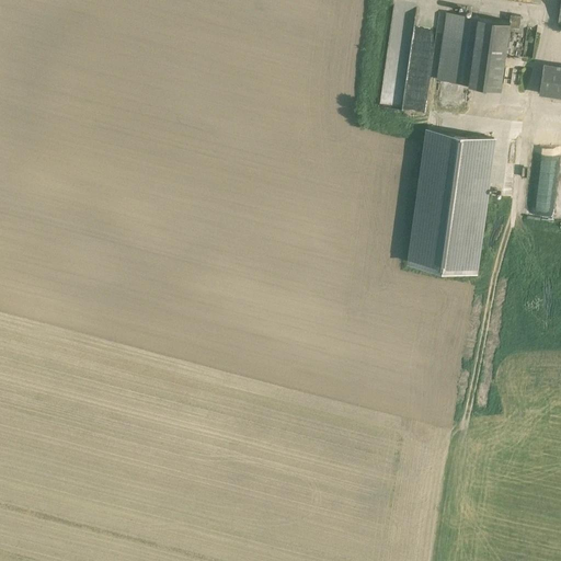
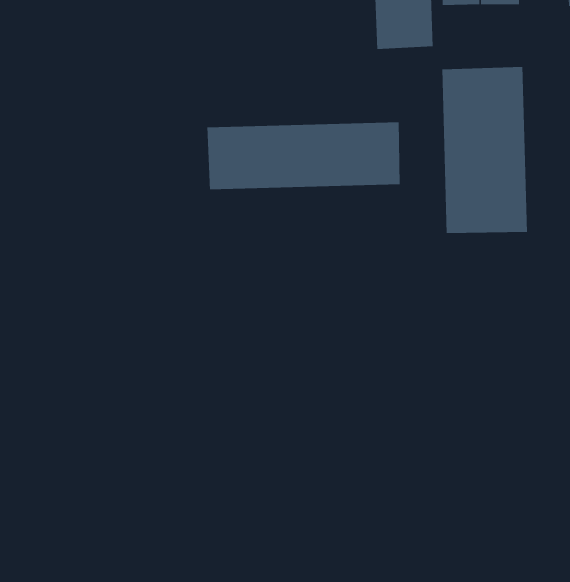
building: none -> [206,122,401,190]

